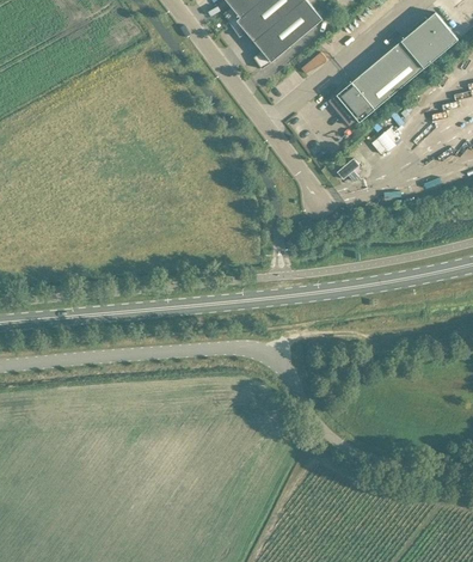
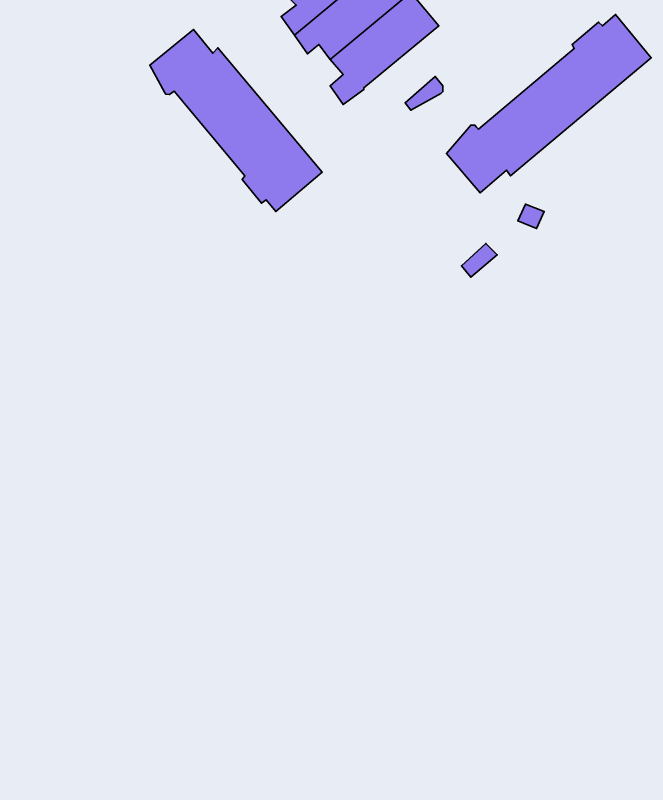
building: none -> [150,29,322,212]

